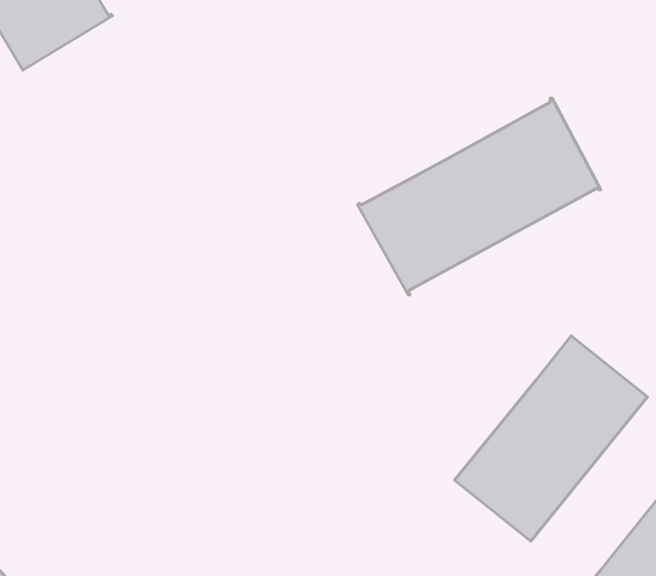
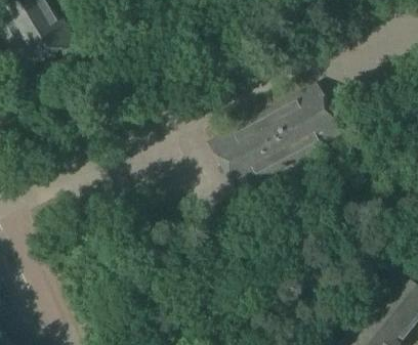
building: [454,336,648,541] -> none

